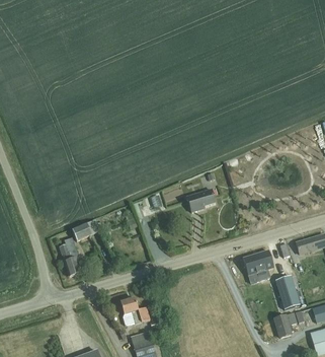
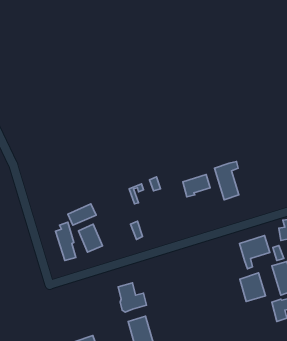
building: none -> [214,161,239,200]
building: none -> [79,224,103,252]
building: none -> [240,273,266,302]

